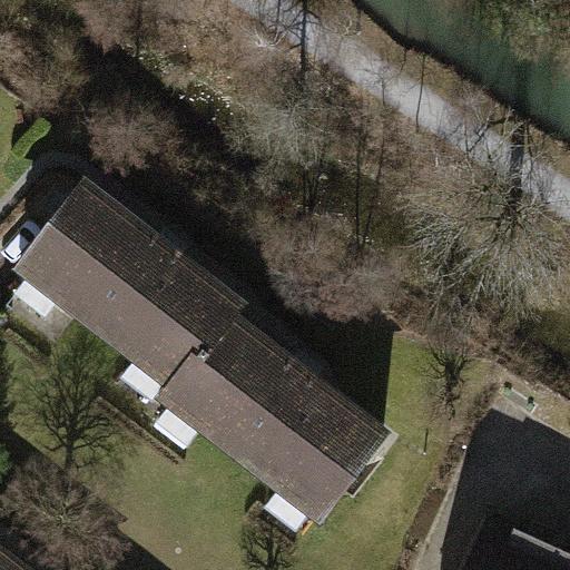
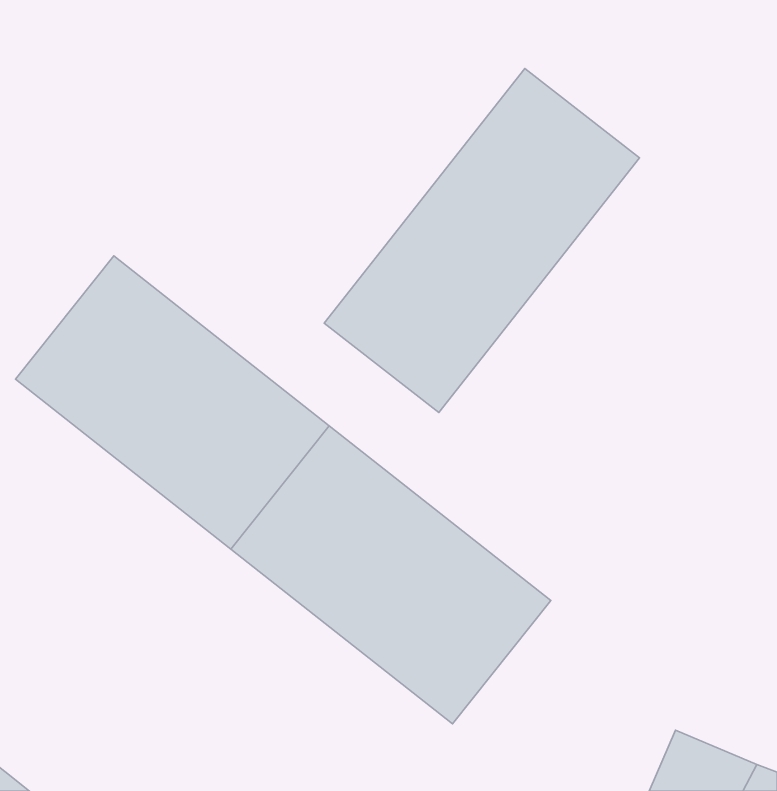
building: none -> [324,69,640,413]

